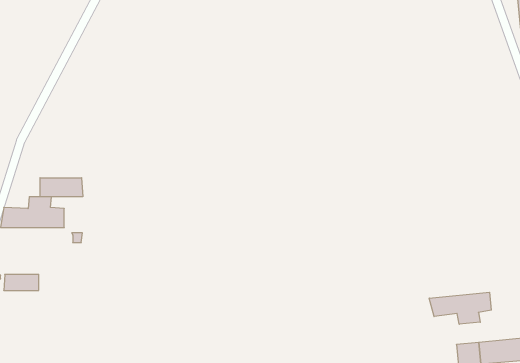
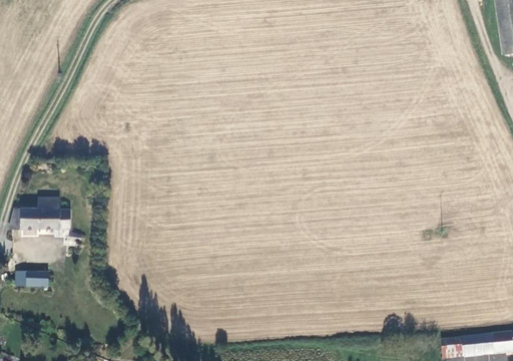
building: [40,178,83,197] -> none
building: [429,292,491,324] -> none

